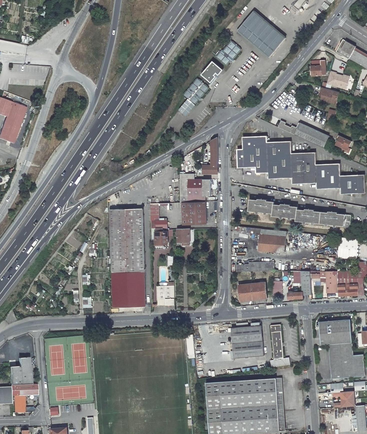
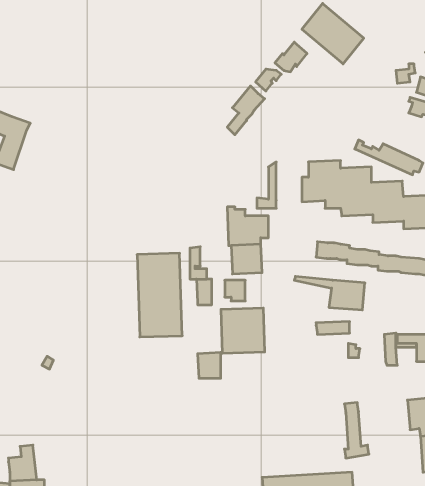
building: [111,272,145,307] -> [221,308,265,353]
building: [239,282,266,300] -> none
building: [231,325,264,358] -> none

